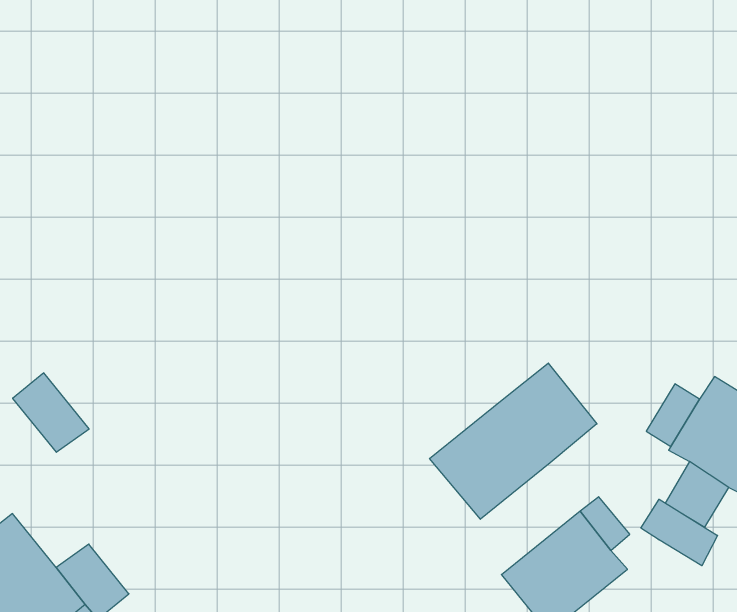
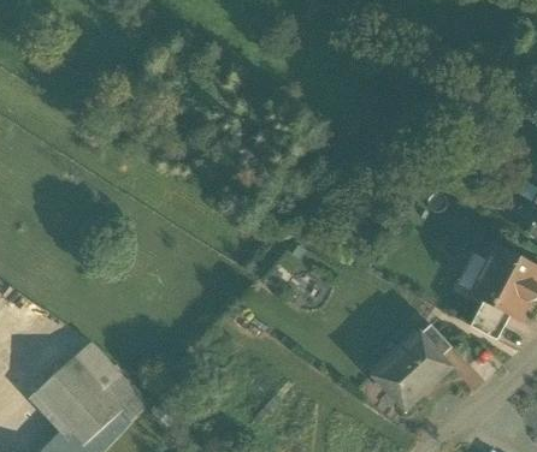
building: [430,363,597,519] -> none
building: [13,373,89,452] -> [72,341,120,389]
building: [641,499,718,566] -> none

